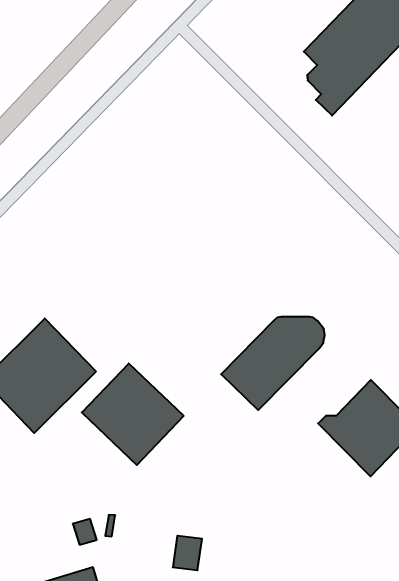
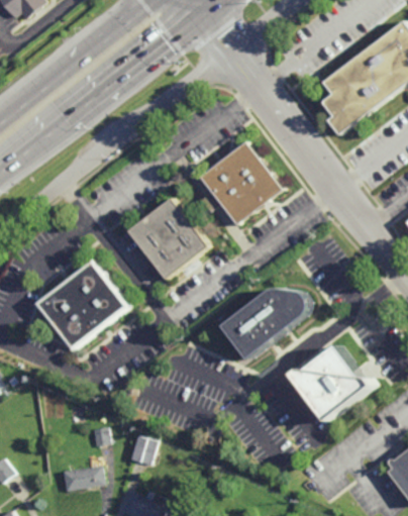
building: none -> [200,142,282,225]
building: [82,363,184,465] -> [129,199,209,280]
building: [173,536,202,570] -> [129,433,156,462]

